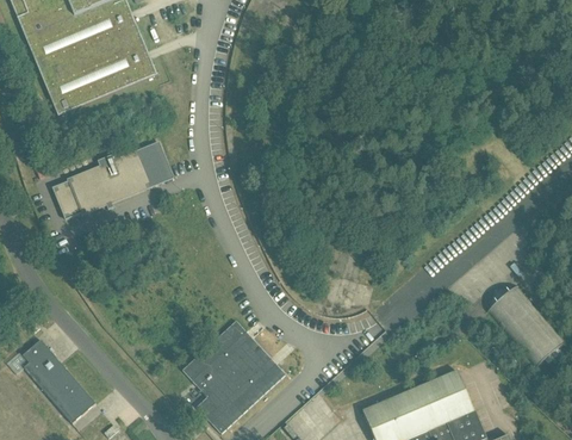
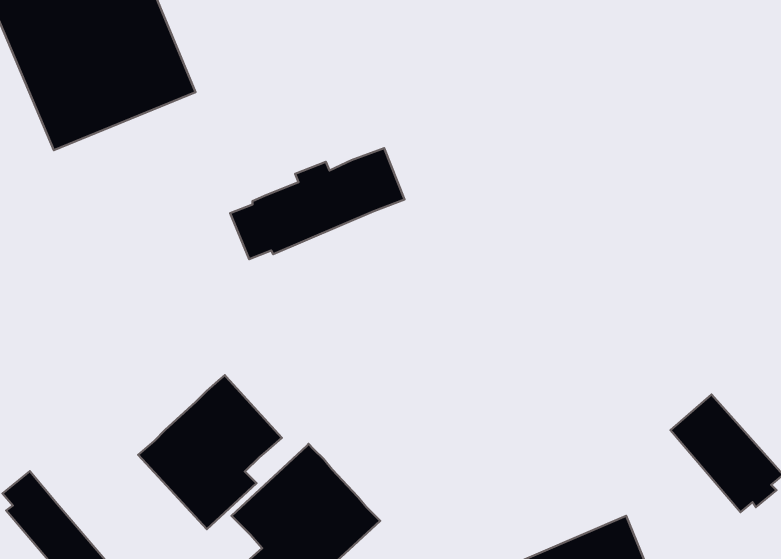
building: [51,141,173,218] -> [230,148,405,259]
building: none -> [138,375,282,529]

